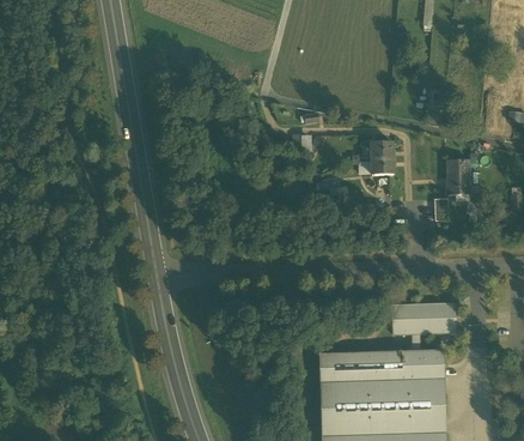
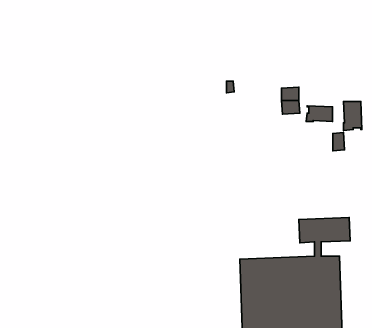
building: none -> [306,106,333,121]

